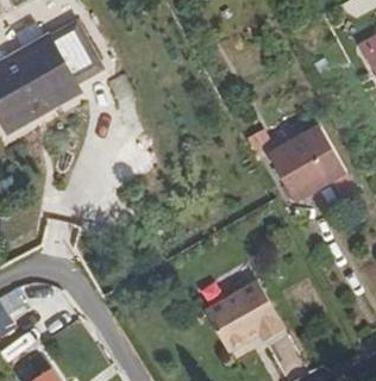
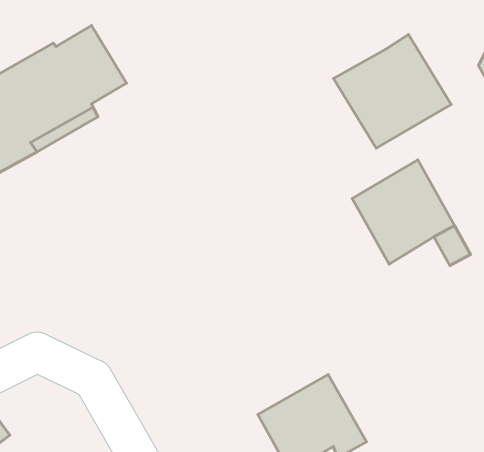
building: none -> [334,35,451,148]

